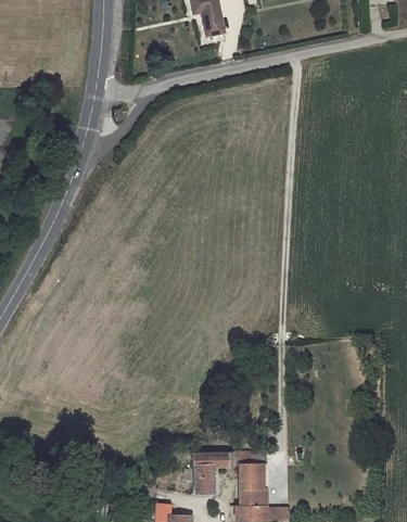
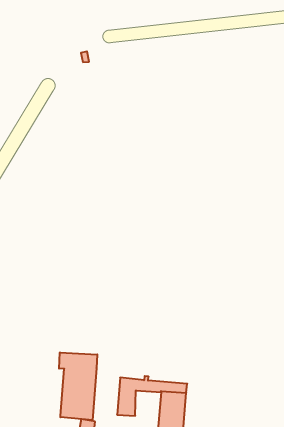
building: none -> [59,352,97,420]

